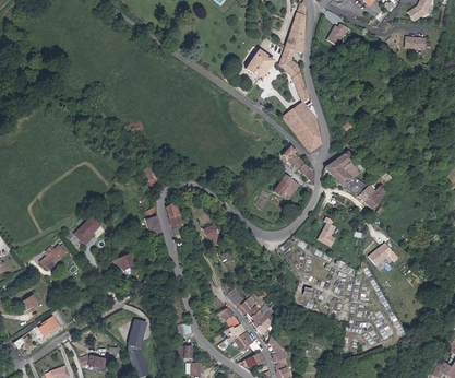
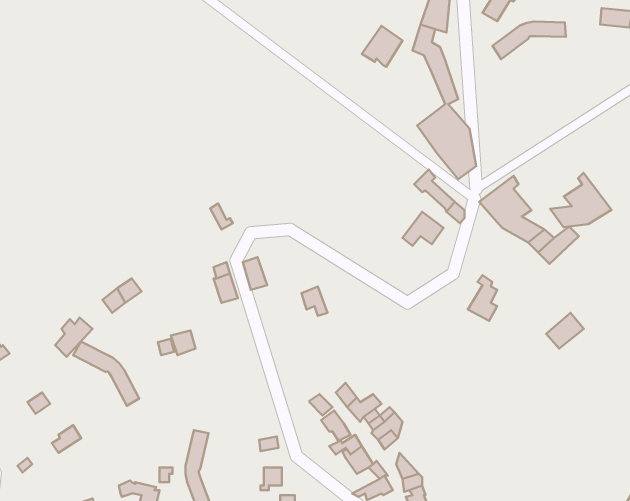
building: none -> [493,22,566,59]
building: none -> [550,173,611,227]
building: none -> [73,342,139,406]

